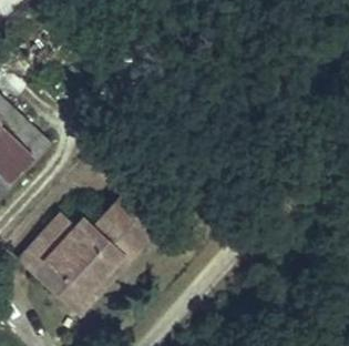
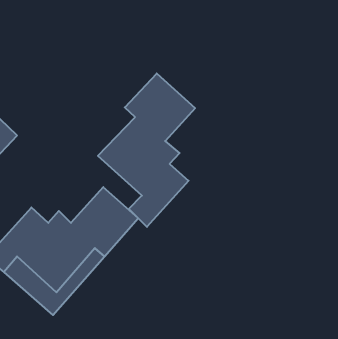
building: none -> [98,73,195,227]

